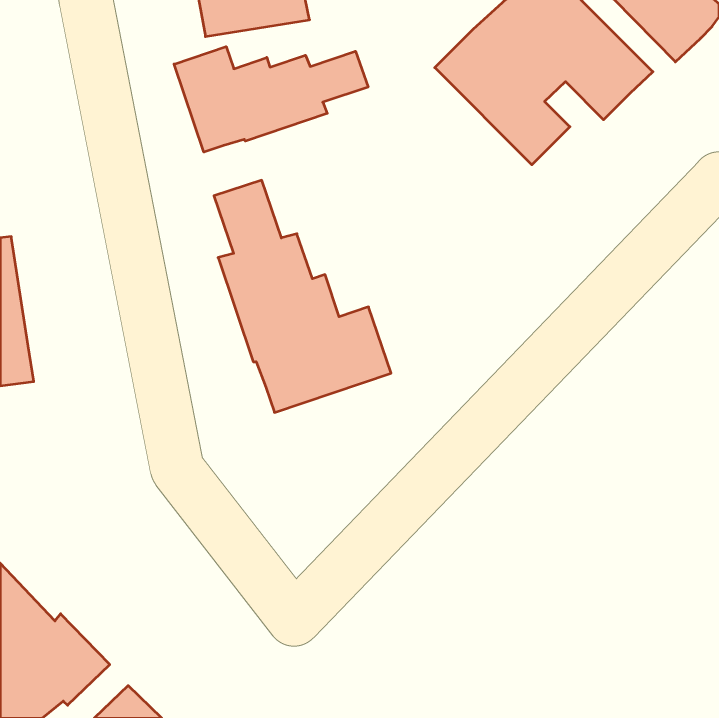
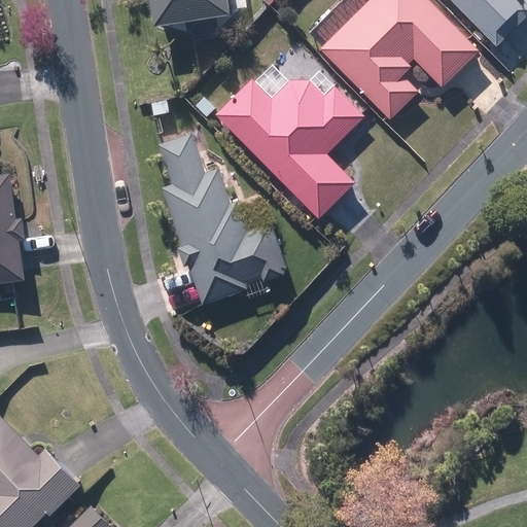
building: [174,47,368,152] -> none
building: none -> [215,78,363,219]

